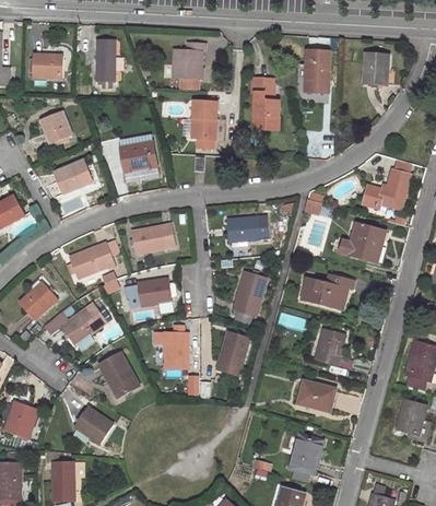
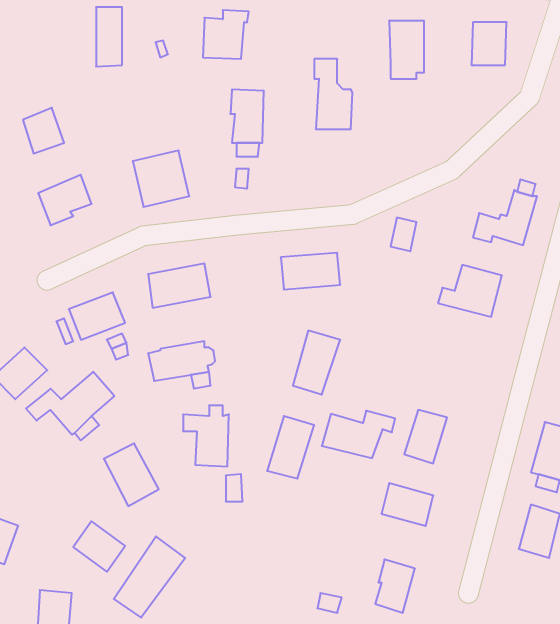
building: [33,55,60,77] -> none
building: [302,275,354,309] -> [322,411,395,458]
building: none -> [114,536,185,618]

